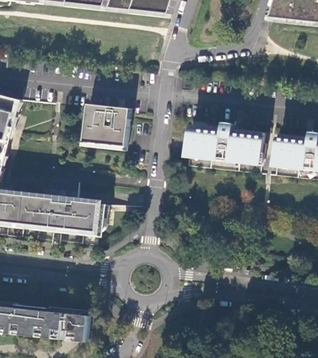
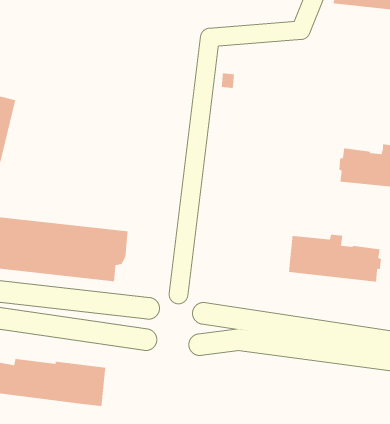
building: [80,104,126,147] -> none
building: [187,121,262,160] -> [288,234,382,282]

